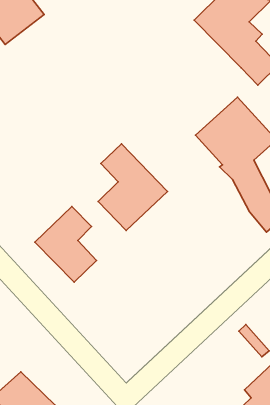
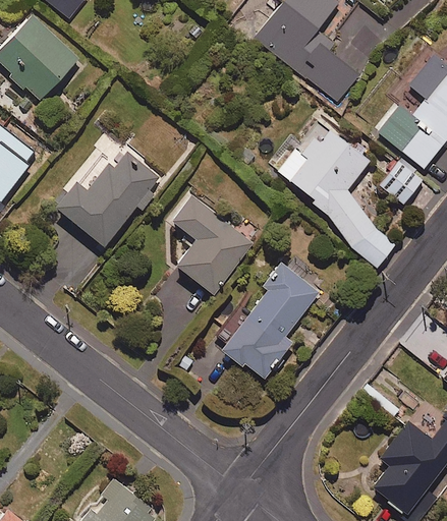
building: none -> [54,130,166,246]
building: [35,207,97,282] -> none
building: none -> [220,262,320,380]

